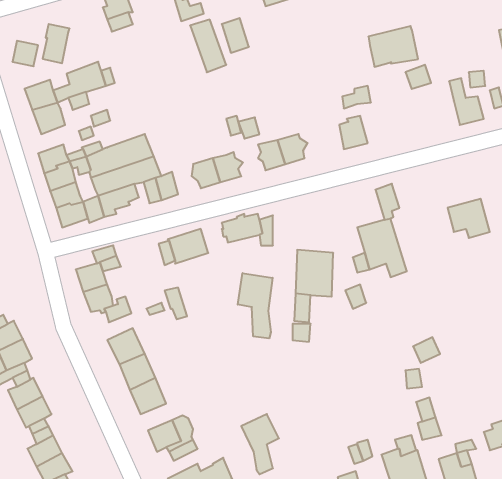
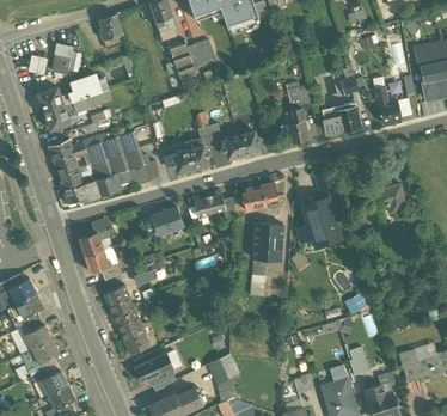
building: [368,26,418,67] -> [322,102,361,134]
building: none -> [240,181,277,210]
building: [238,273,273,338] -> none

